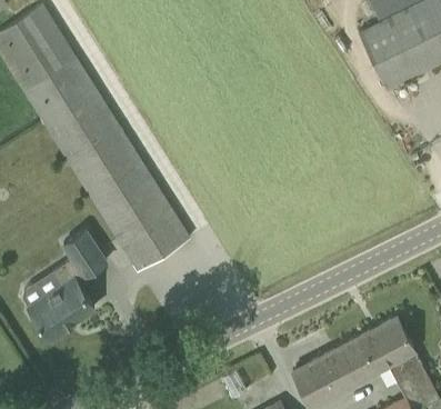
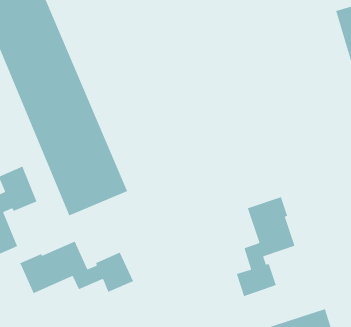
building: none -> [236,196,296,297]
building: none -> [19,240,134,294]

